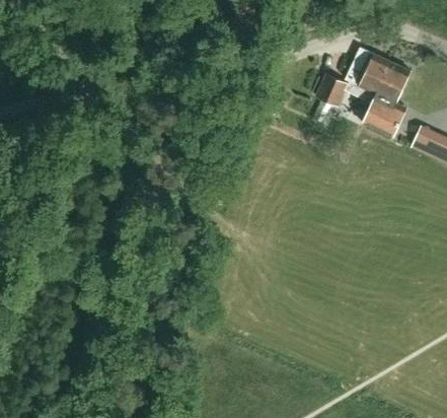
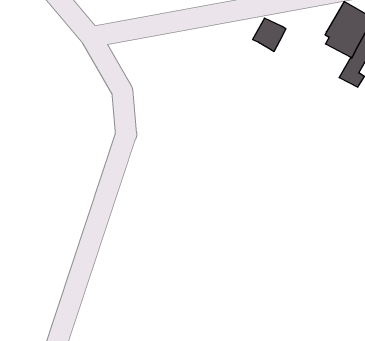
building: [316,74,349,107] -> [253,18,286,51]

